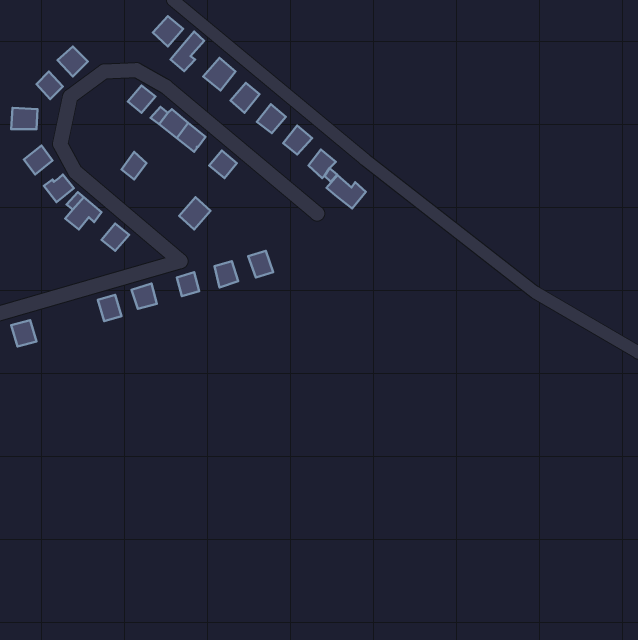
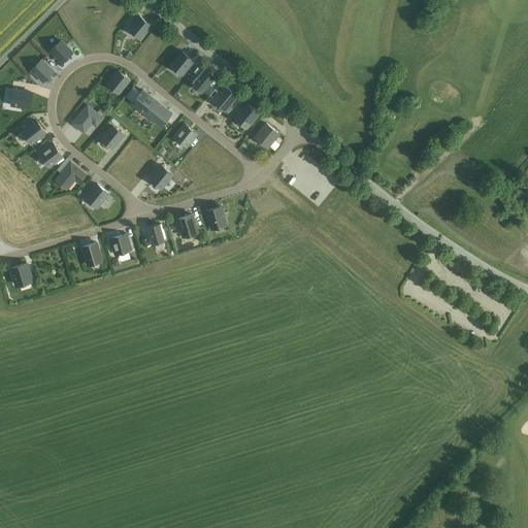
building: [171,32,204,71] -> none
building: none -> [71,106,101,133]
building: [327,175,366,208] -> none

